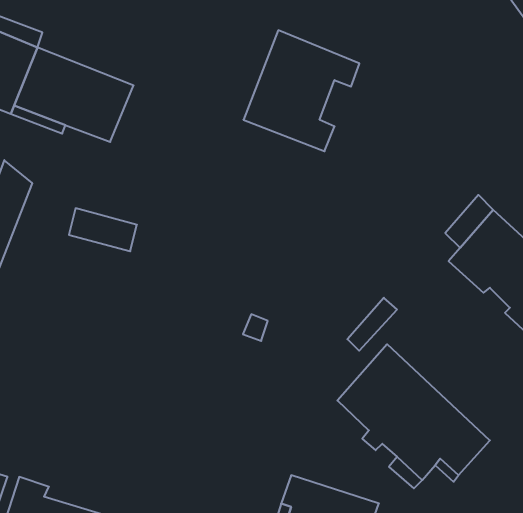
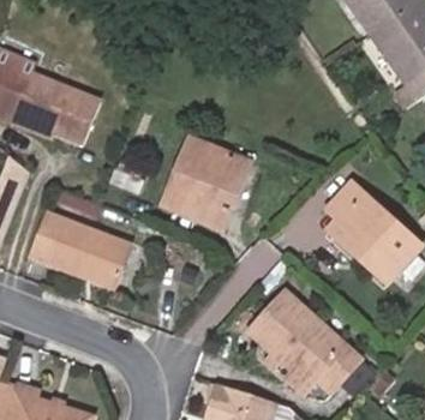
building: [243,30,359,151] -> [163,139,247,227]
building: none -> [28,212,132,288]

